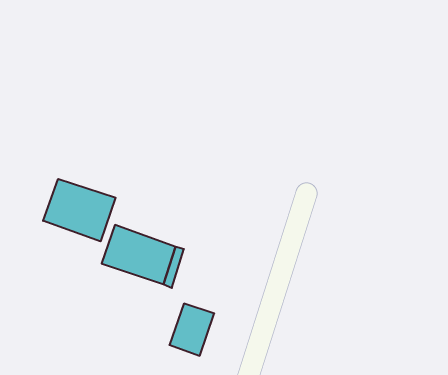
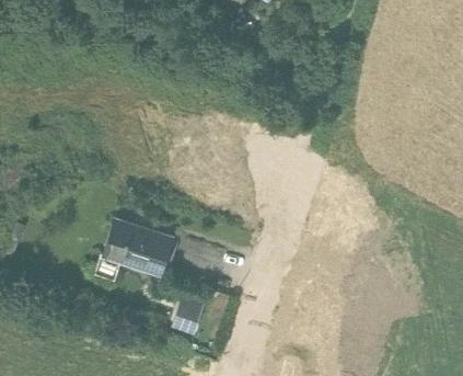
building: [43,179,116,241] -> none

